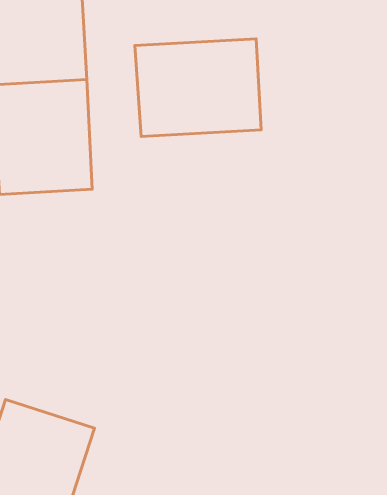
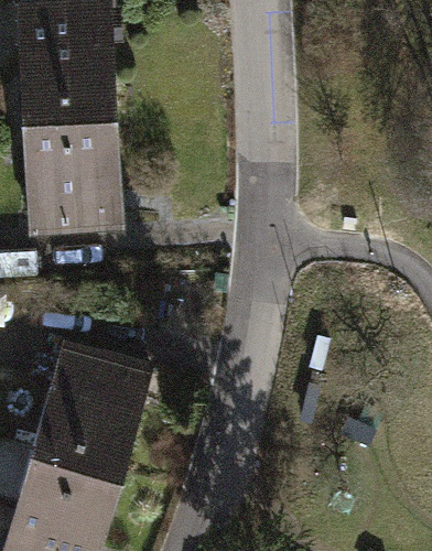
building: [135,39,261,137] -> none
building: none -> [32,339,161,478]

